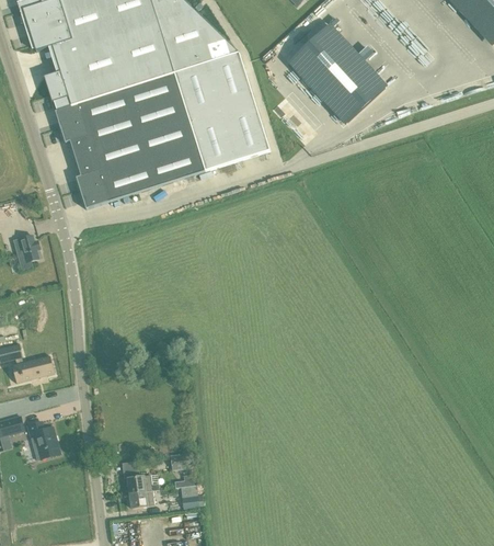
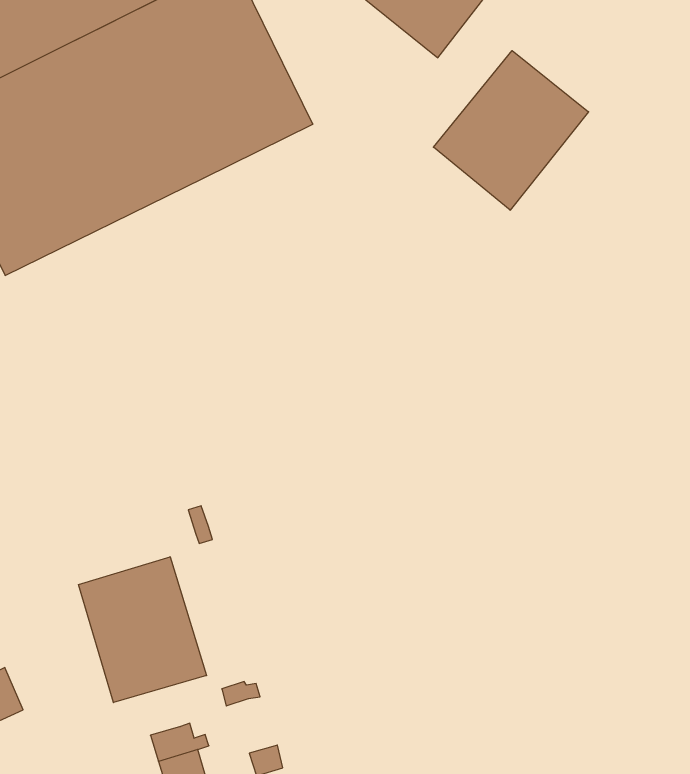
building: none -> [433,51,589,210]
building: none -> [79,557,207,703]

